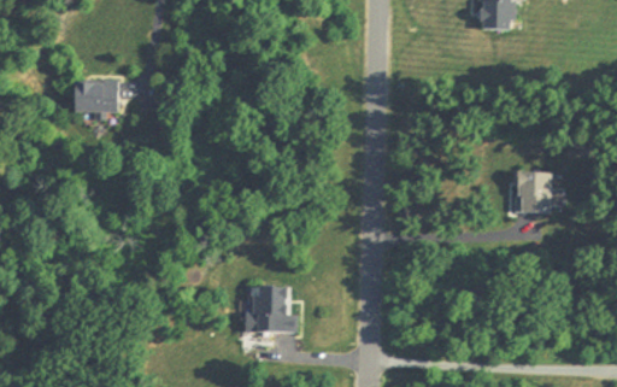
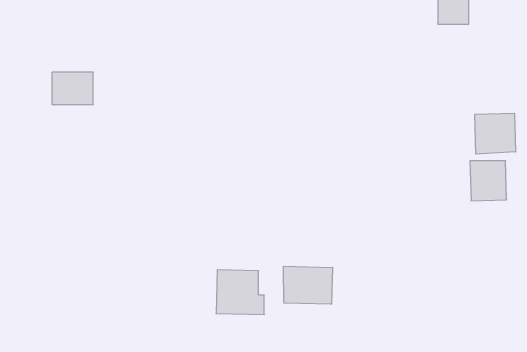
building: none -> [475,113,516,154]
building: none -> [284,266,332,304]

